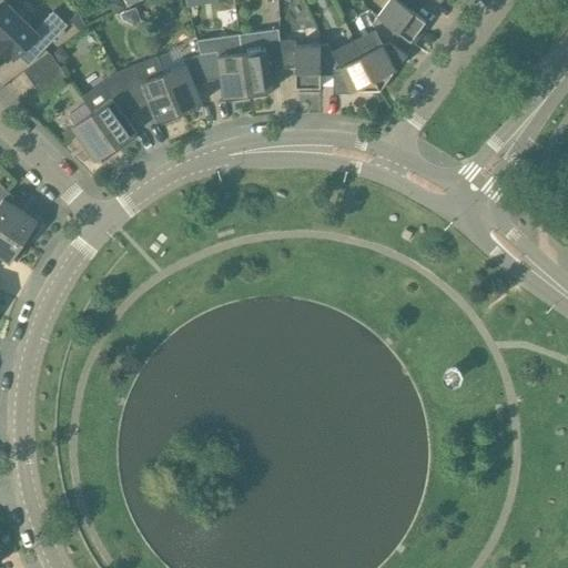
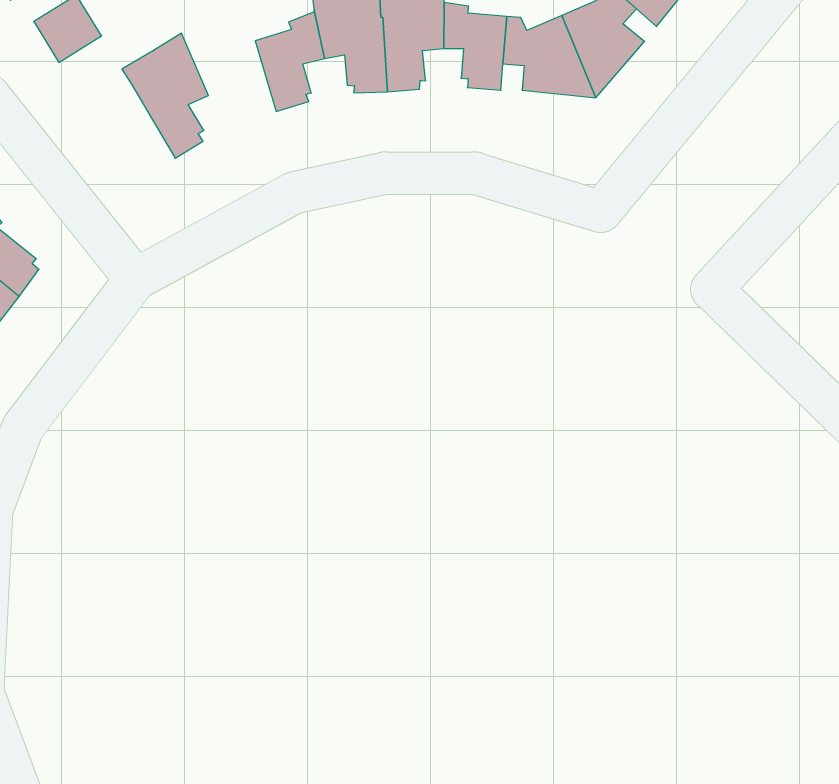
building: [115,55,179,123] -> none
building: [68,104,118,161] -> none

